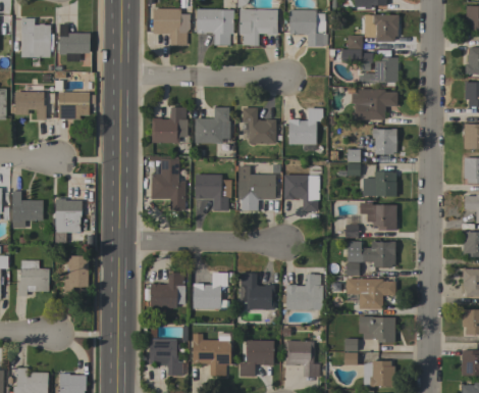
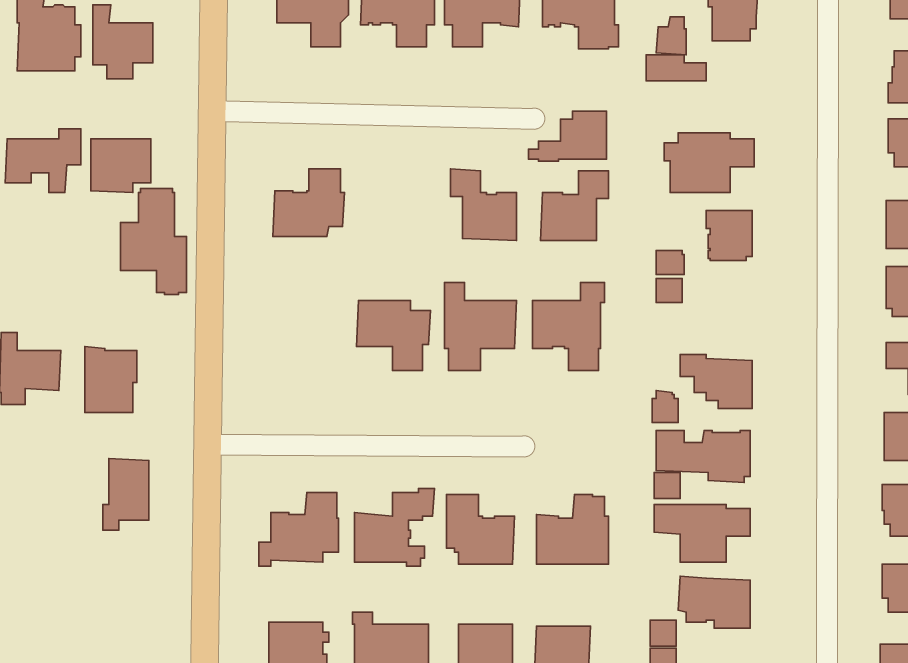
building: [359,57,398,83] -> [529,111,606,161]
building: [196,107,230,143] -> none
building: [152,156,185,210] -> [121,189,187,294]
building: [363,171,397,196] -> none
building: [18,260,50,296] -> none

